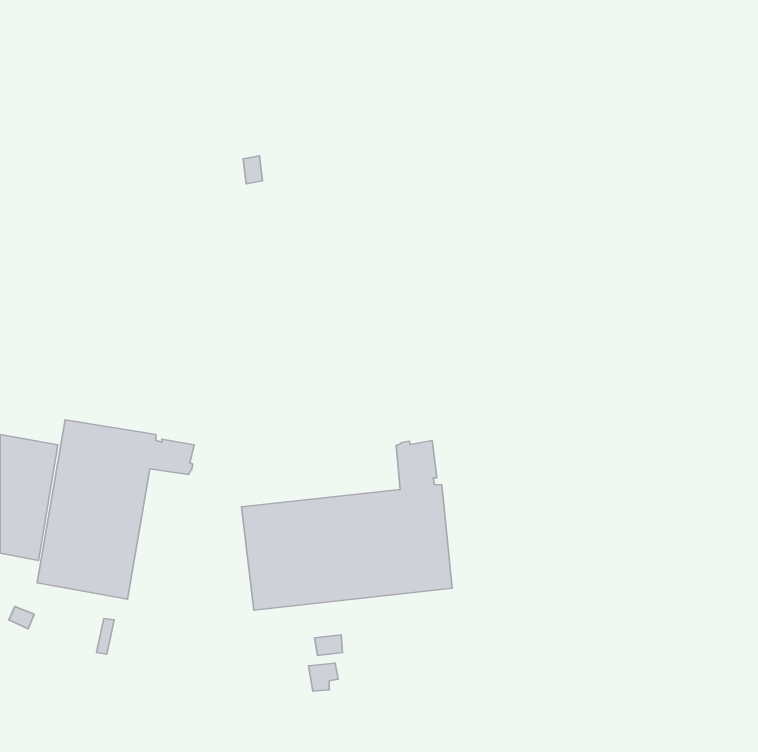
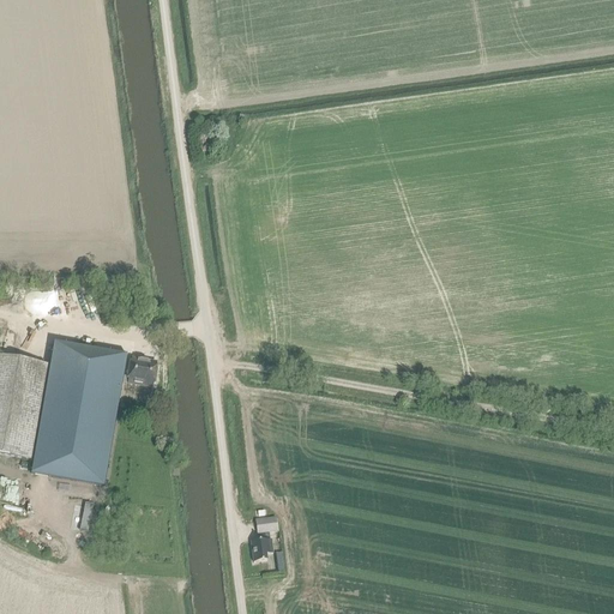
building: [242,441,452,610] -> none

